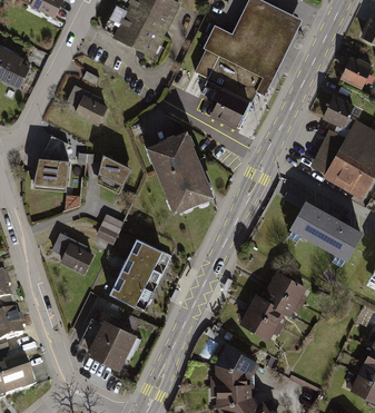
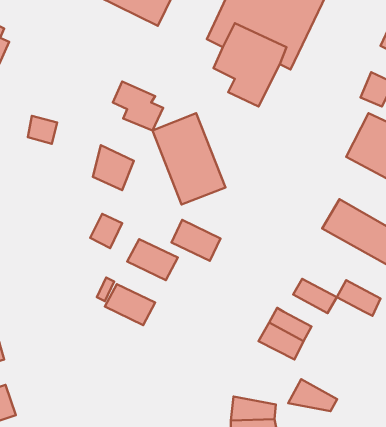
building: [67,86,109,127] -> [113,81,163,130]
building: [34,159,72,195] -> none
building: [52,235,93,274] -> none
building: [119,256,160,291] -> [171,220,220,261]
building: [259,284,296,314] -> [337,280,381,316]
building: [79,321,139,375] -> none
building: [217,350,258,376] -> [288,379,337,411]

